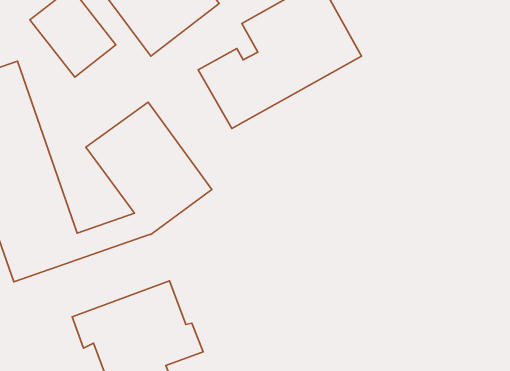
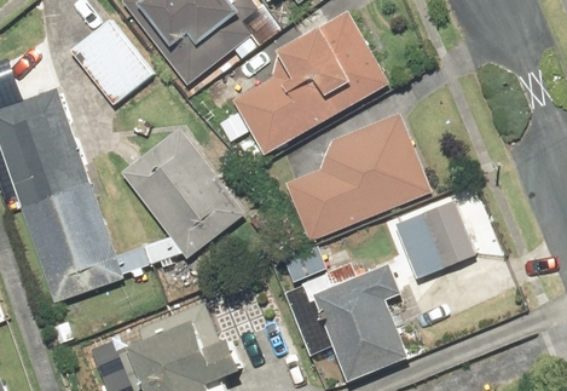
building: none -> [284,115,430,241]
building: none -> [421,200,476,268]
building: none -> [300,266,406,380]

